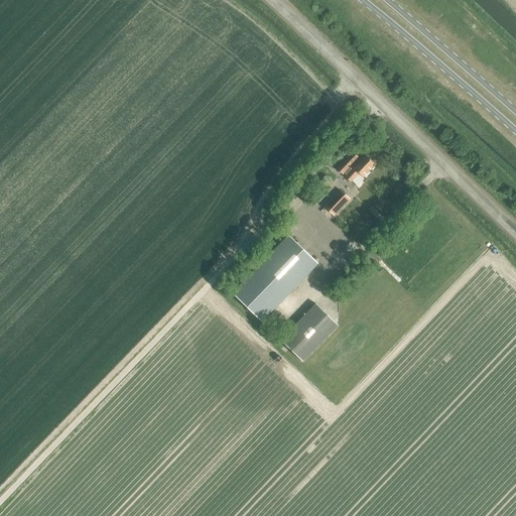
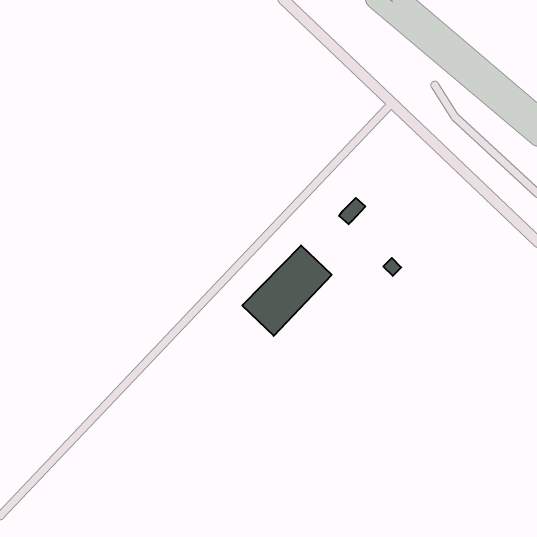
building: [338,151,376,181] -> none
building: [281,303,339,361] -> none

